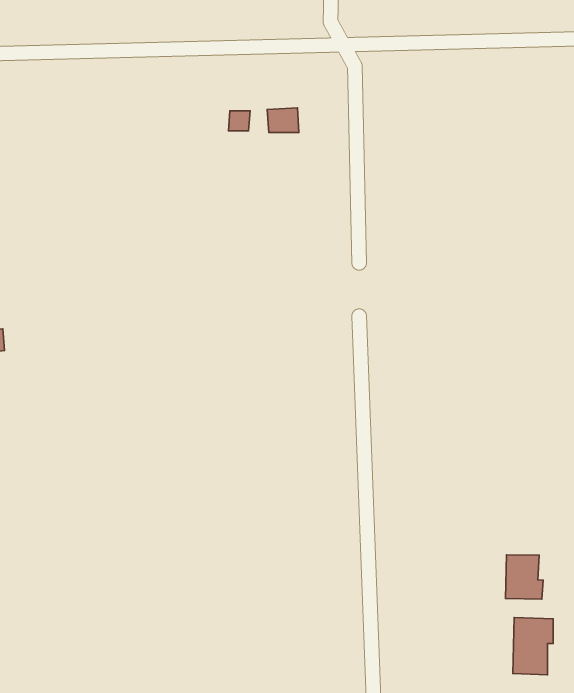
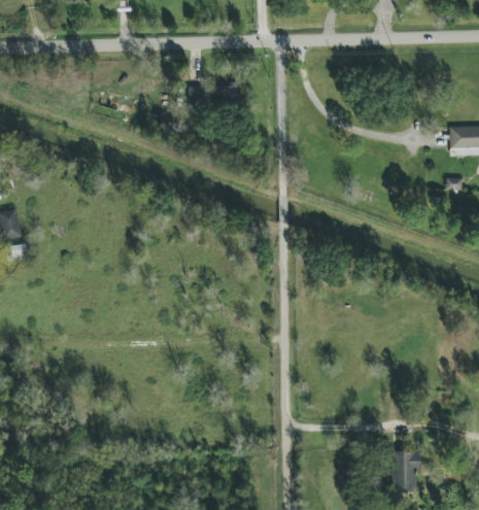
building: [505,555,543,599] -> none

